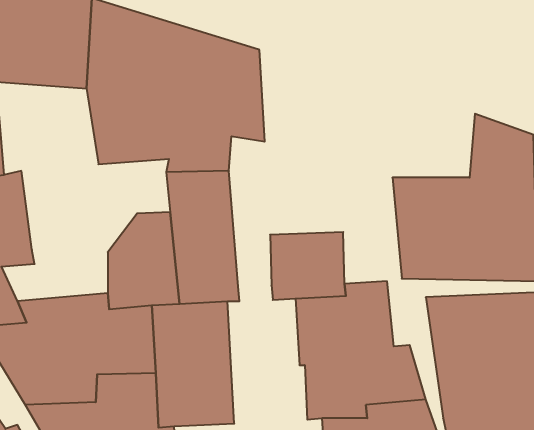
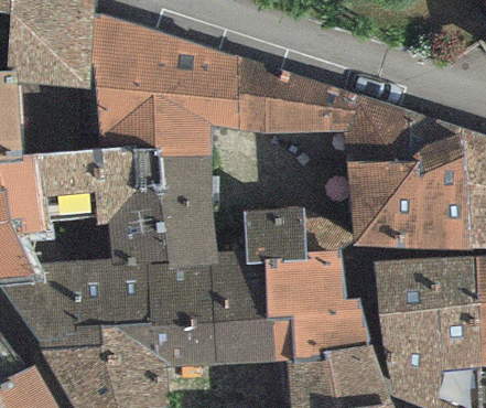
building: none -> [234,56,412,162]
building: none -> [36,147,160,226]
building: none -> [207,251,273,366]

